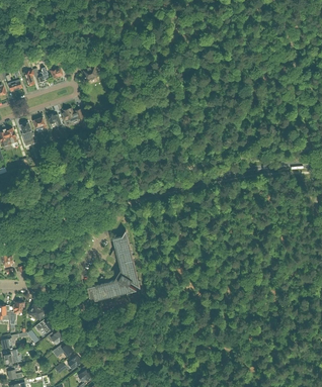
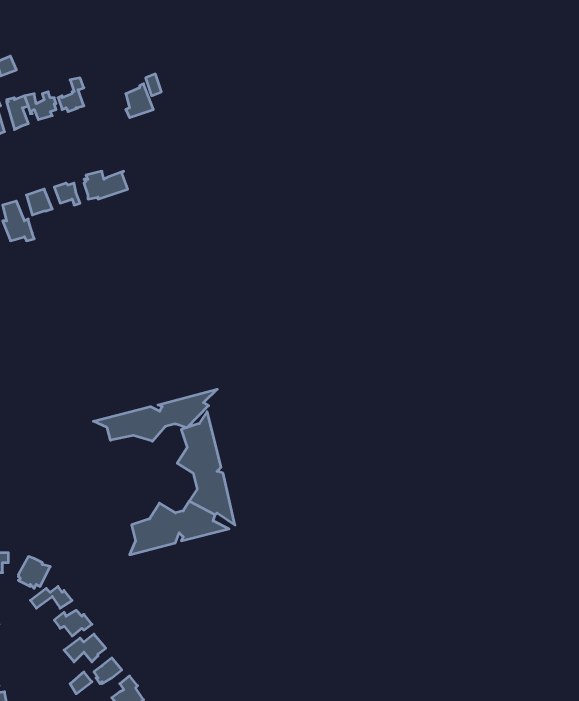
building: none -> [93,389,217,441]

